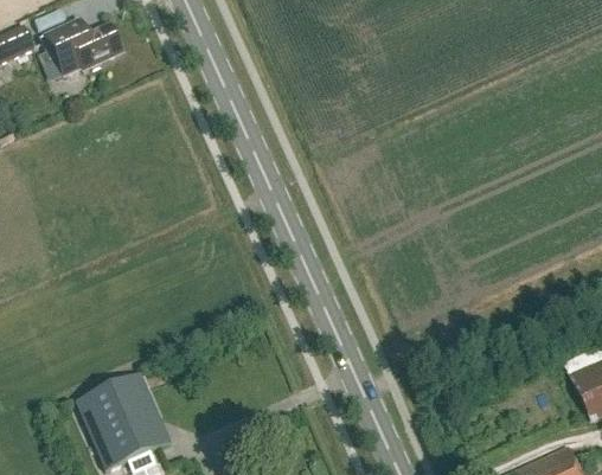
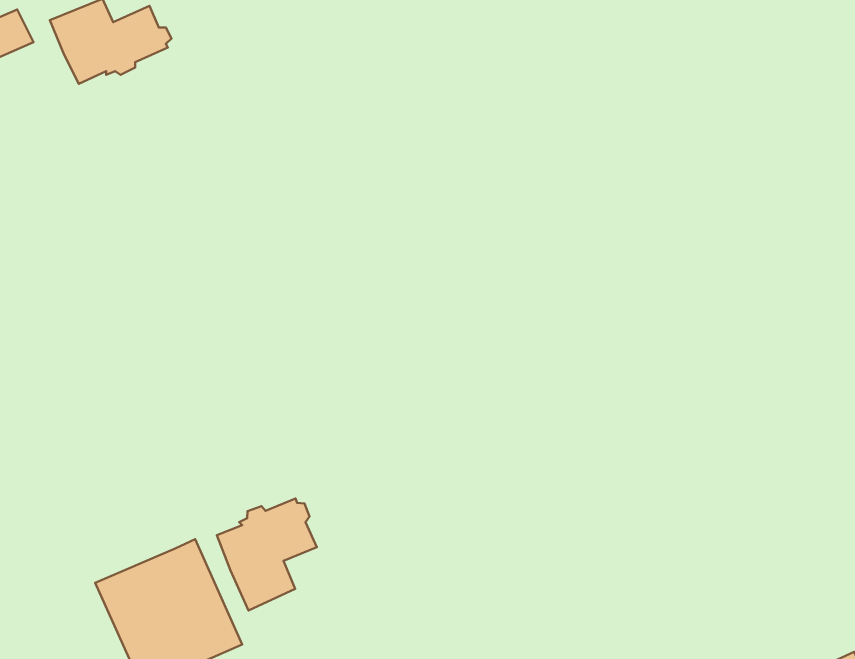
building: none -> [217,498,317,610]

